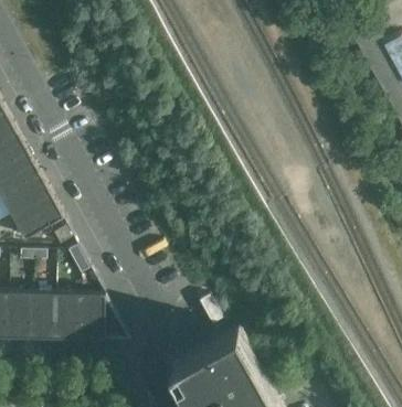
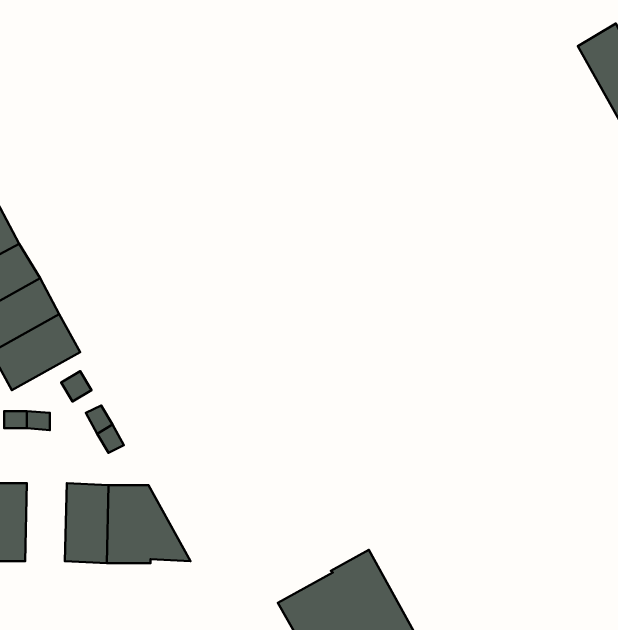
building: [30,293,54,339] -> none

